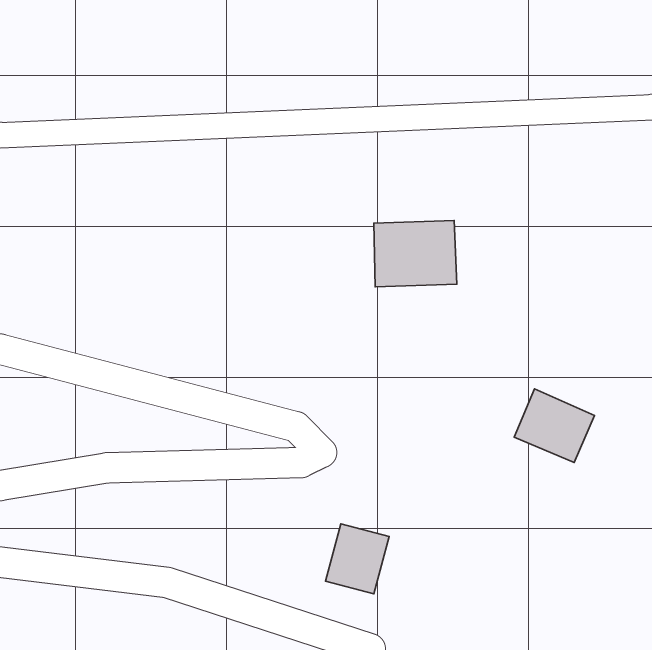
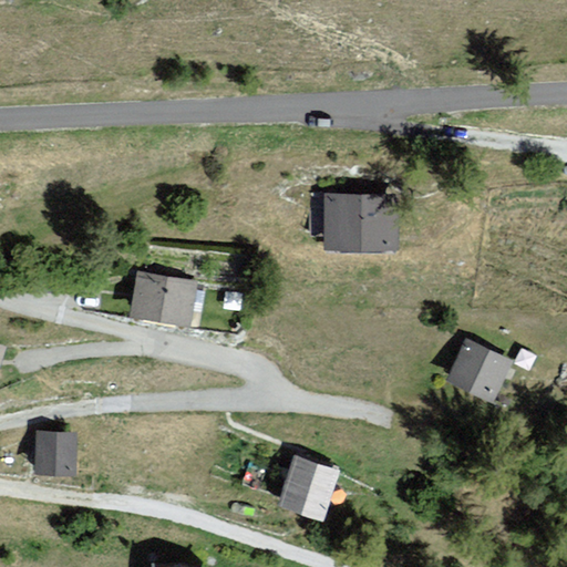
building: none -> [130,272,197,328]
building: none -> [35,433,74,474]

